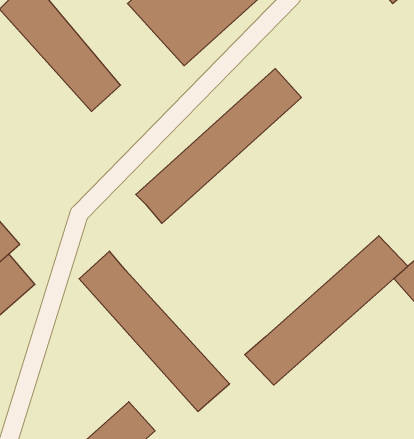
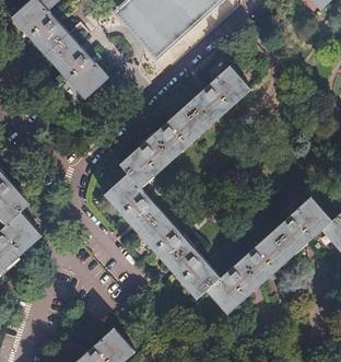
building: [79,251,230,411] -> [103,172,222,299]

